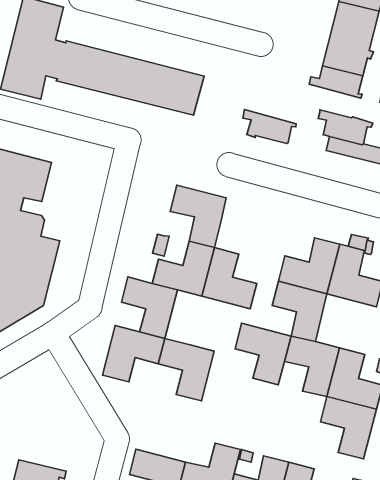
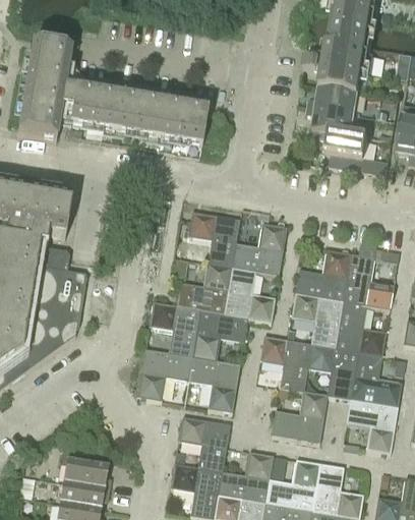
building: [243,110,296,143] -> [307,105,358,133]
building: none -> [232,223,287,275]
building: none -> [192,309,247,360]
building: none -> [335,301,386,355]
building: none -> [272,391,327,442]
building: none -> [178,416,230,471]
building: none -> [62,450,111,489]

